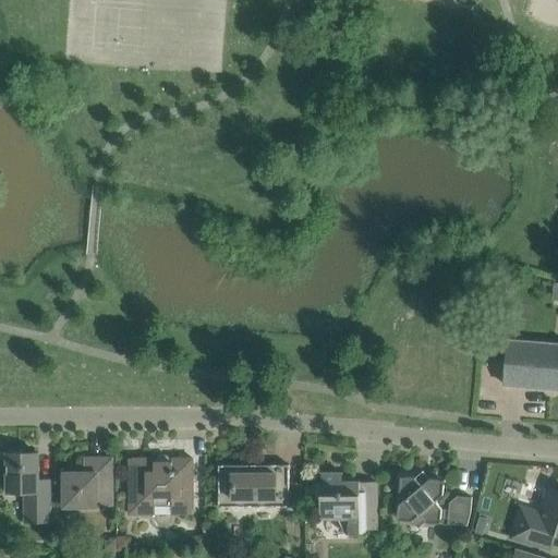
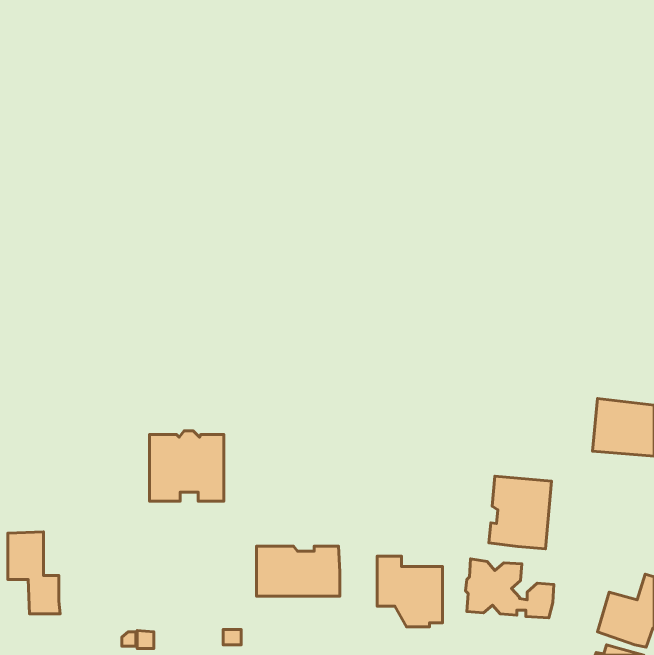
building: none -> [489,476,551,549]
building: [129,454,192,514] -> [150,431,224,501]
building: [63,458,111,507] -> none

